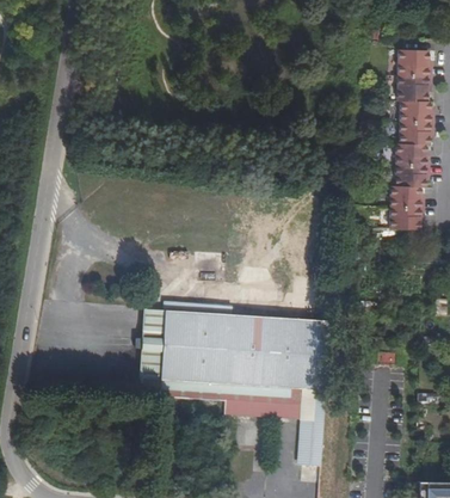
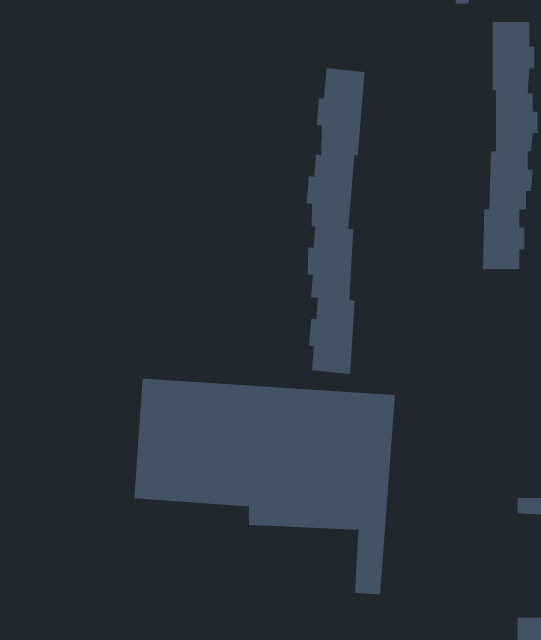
building: none -> [306,68,365,375]

